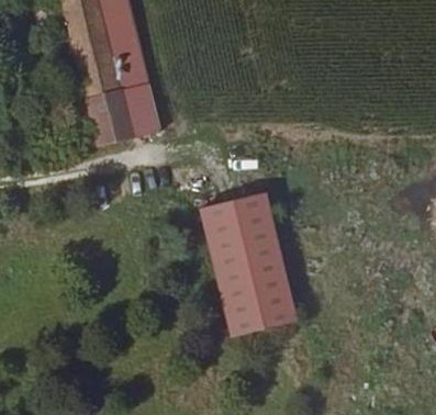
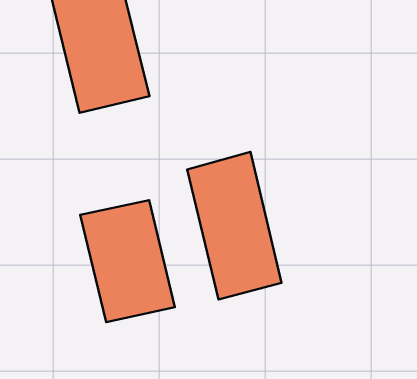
building: none -> [80,200,175,322]

